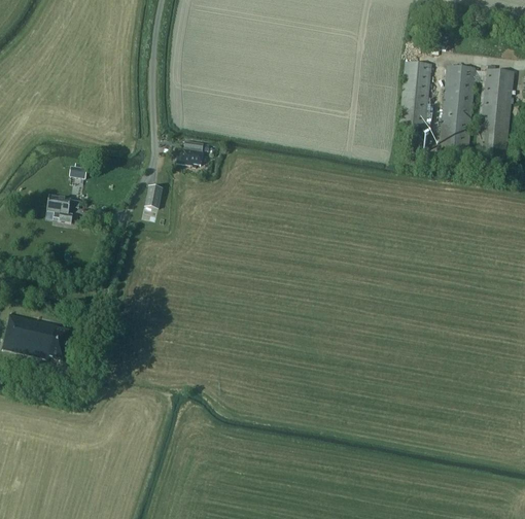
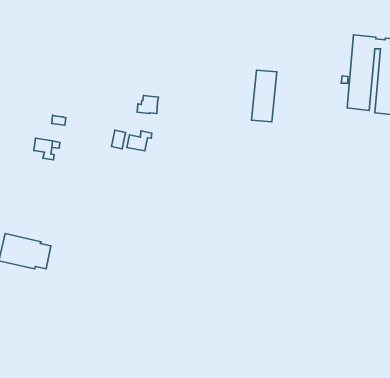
building: [399,61,431,126] -> [251,70,277,122]
building: none -> [127,131,152,151]

